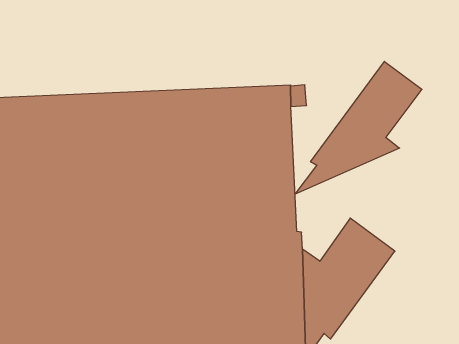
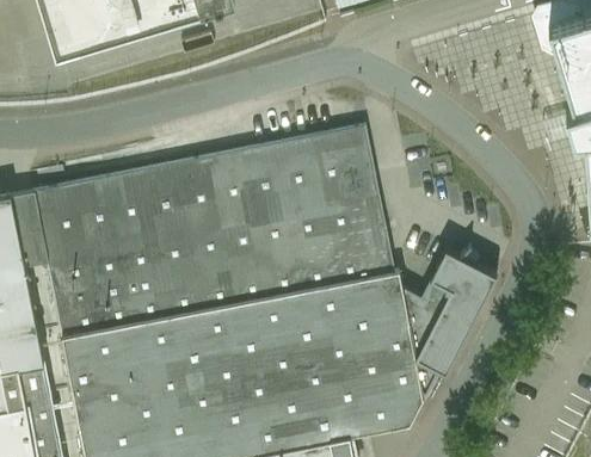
building: [295,61,422,194] -> none

